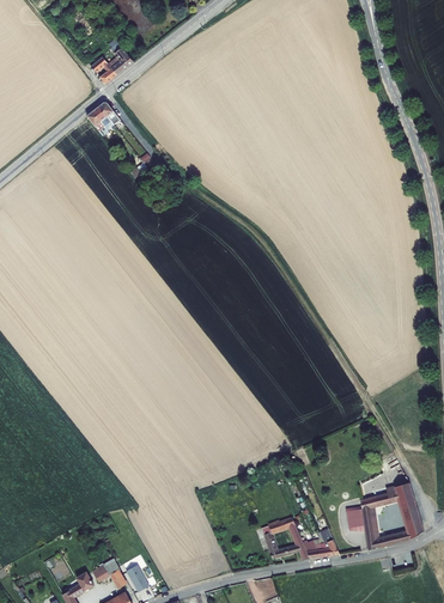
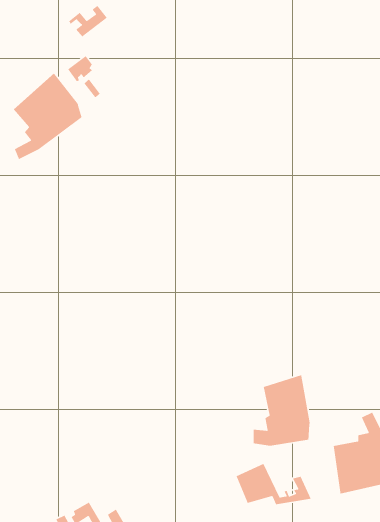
building: none -> [13,72,82,160]
building: none -> [253,374,311,447]

